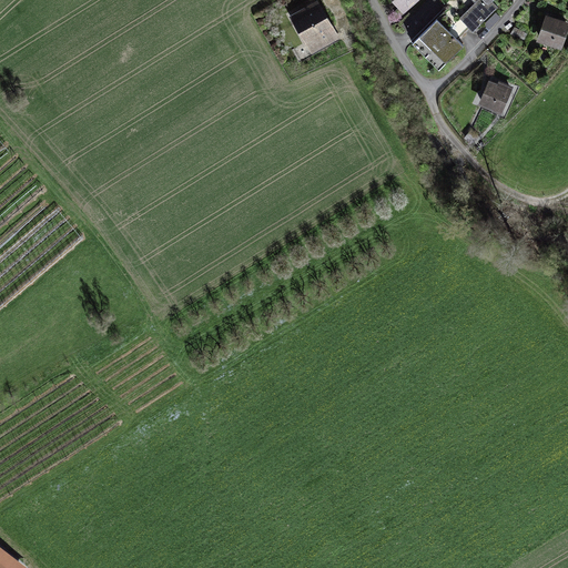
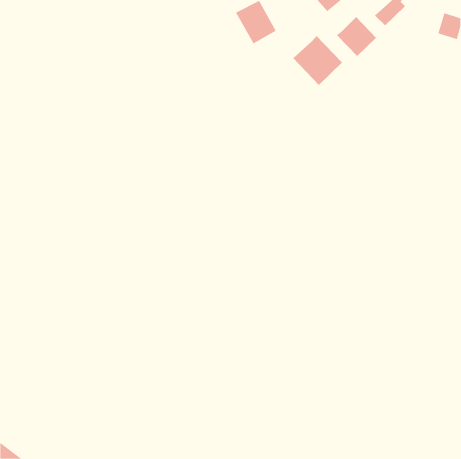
building: none -> [293,35,343,86]
building: [478,79,514,114] -> none

